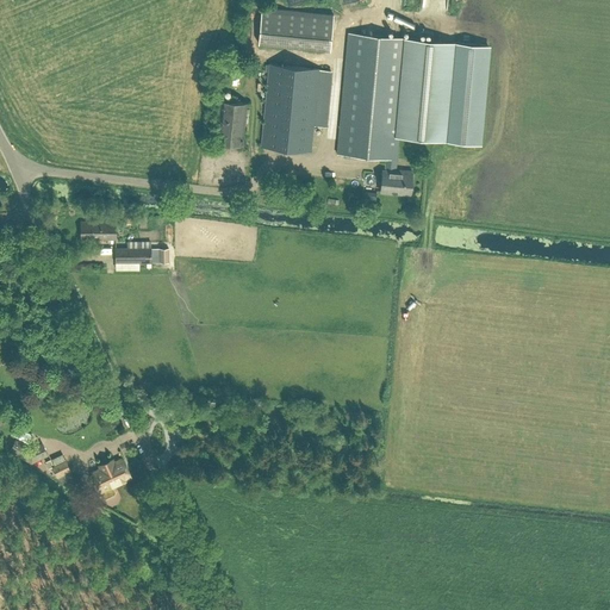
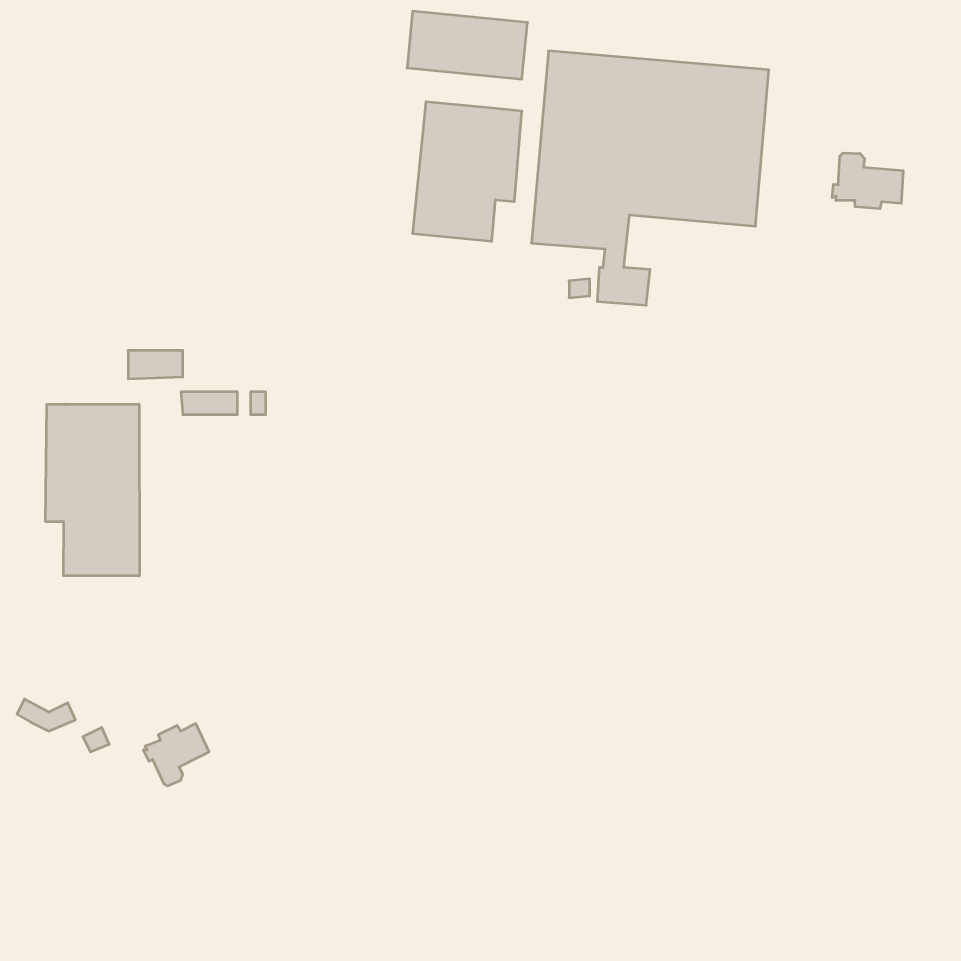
building: none -> [832,153,903,209]
building: [217,102,247,145] -> none
building: none -> [46,404,139,576]

